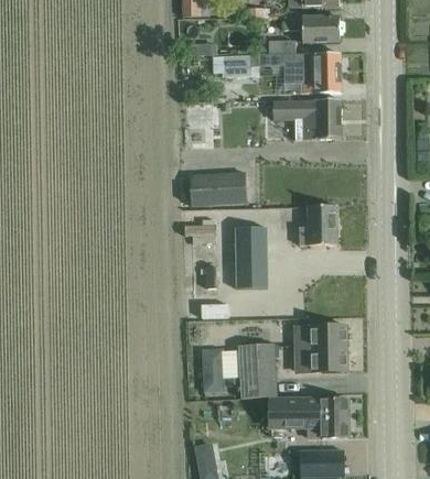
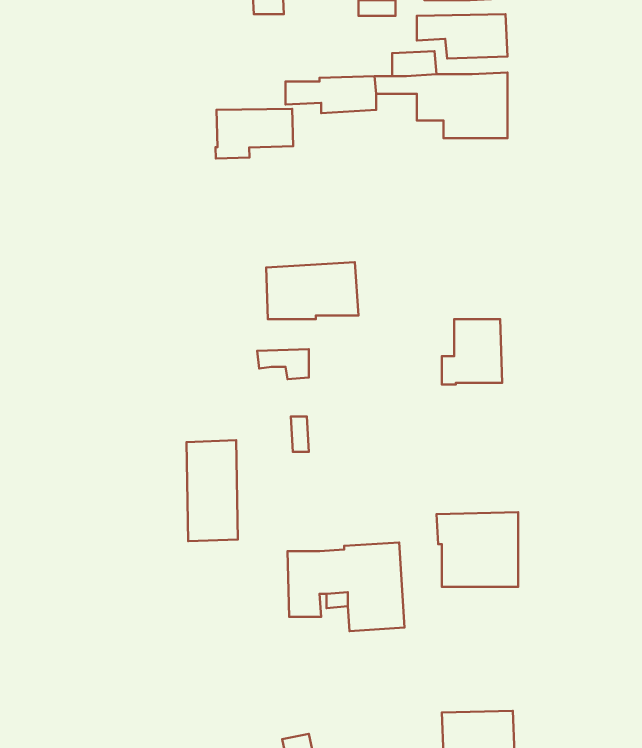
building: none -> [215,109,293,159]
building: [273,99,341,139] -> none
building: [235,226,267,289] -> [186,440,238,541]
building: [268,399,347,437] -> none

